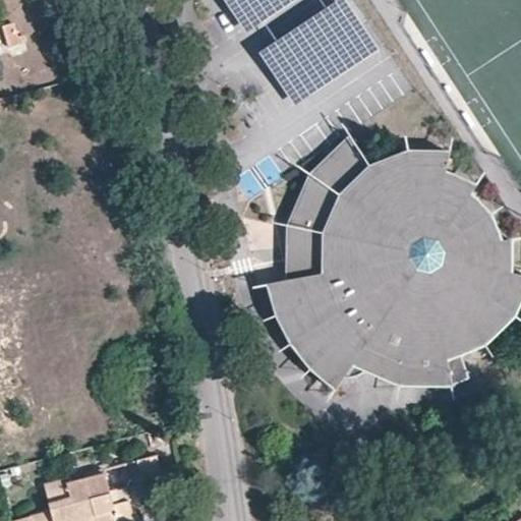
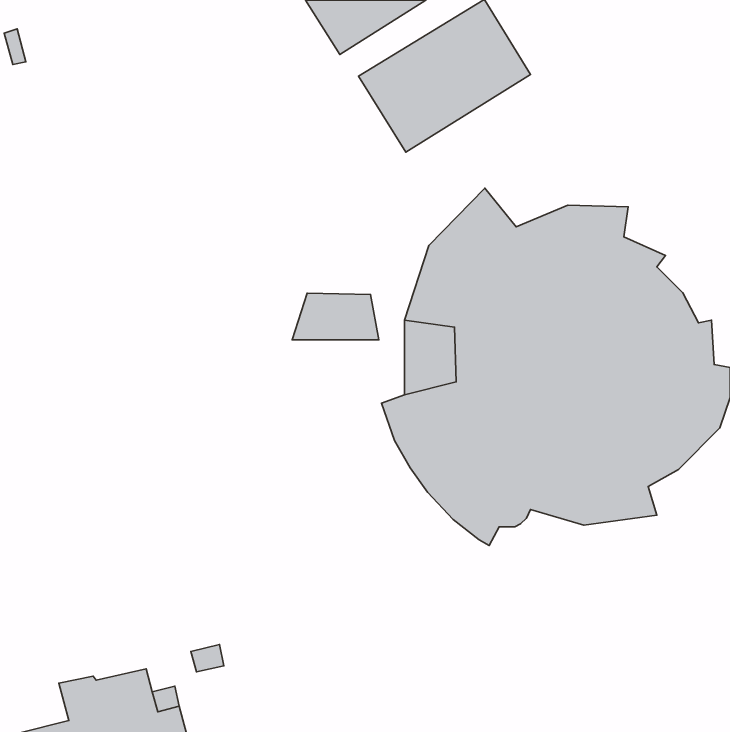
building: none -> [292,293,379,340]

